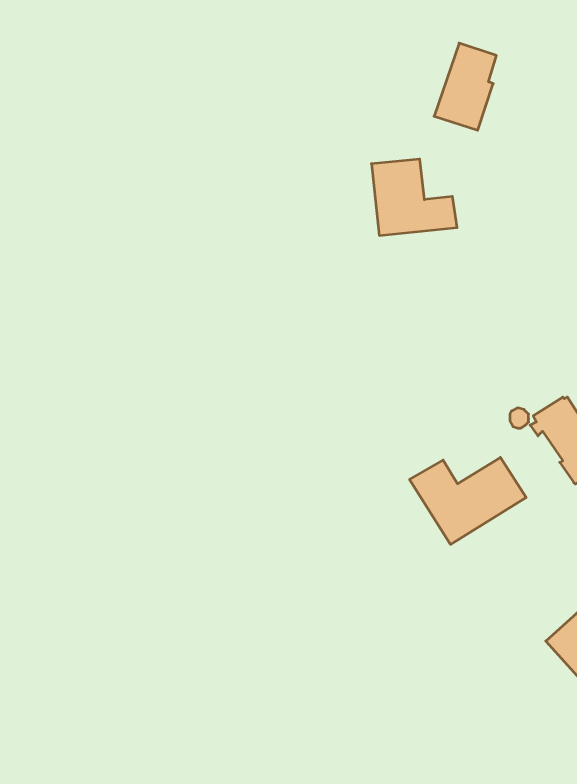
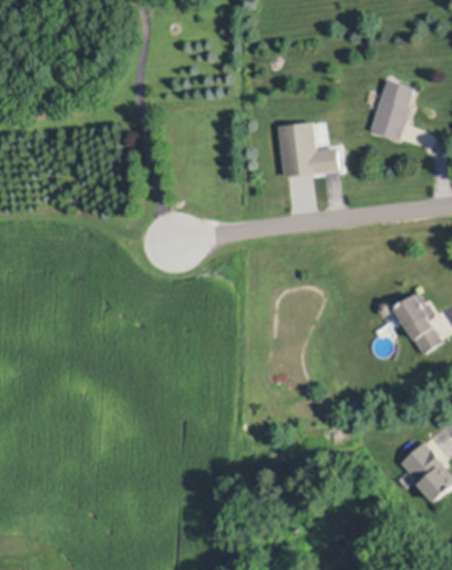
building: [434,43,496,130] -> [367,78,412,140]
building: [410,457,526,544] -> none

